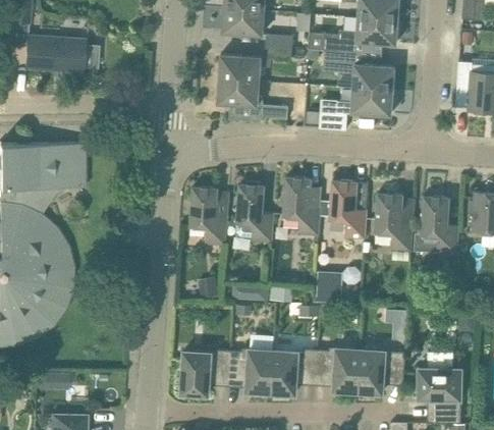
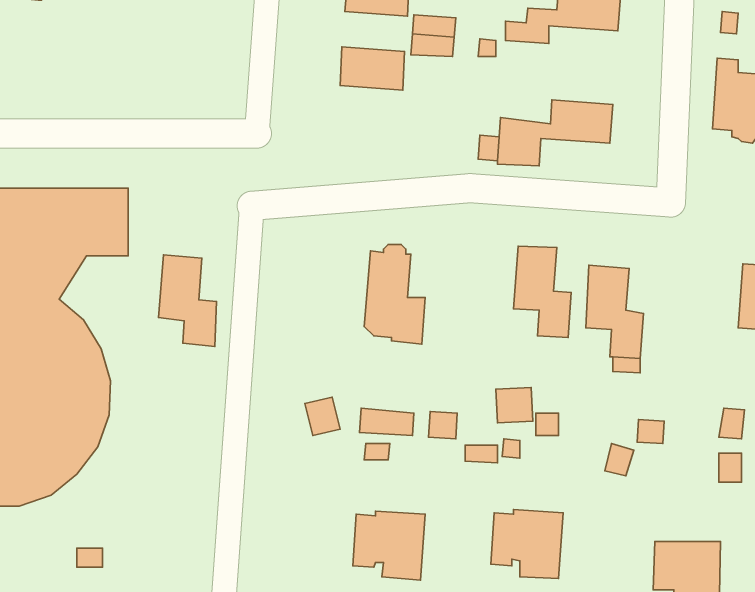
building: [24,36,96,76] -> none
building: [323,50,394,91] -> none
building: [217,78,287,121] -> none
building: [281,176,321,235] -> none
building: [189,186,226,245] -> [159,255,216,346]
building: [421,196,457,255] -> none
building: [270,348,317,394] -> none
building: [180,350,229,394] -> none
building: [358,350,404,393] -> none

